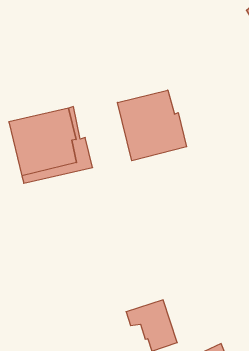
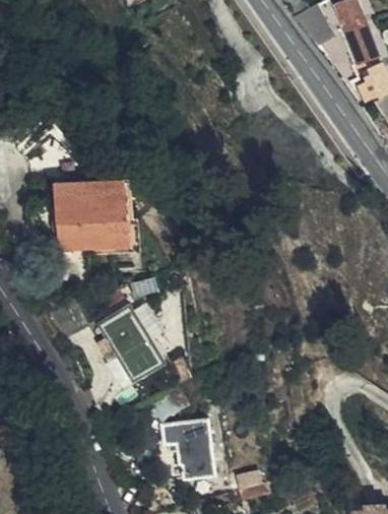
building: [117,90,187,161] -> none
building: none -> [102,306,165,376]

